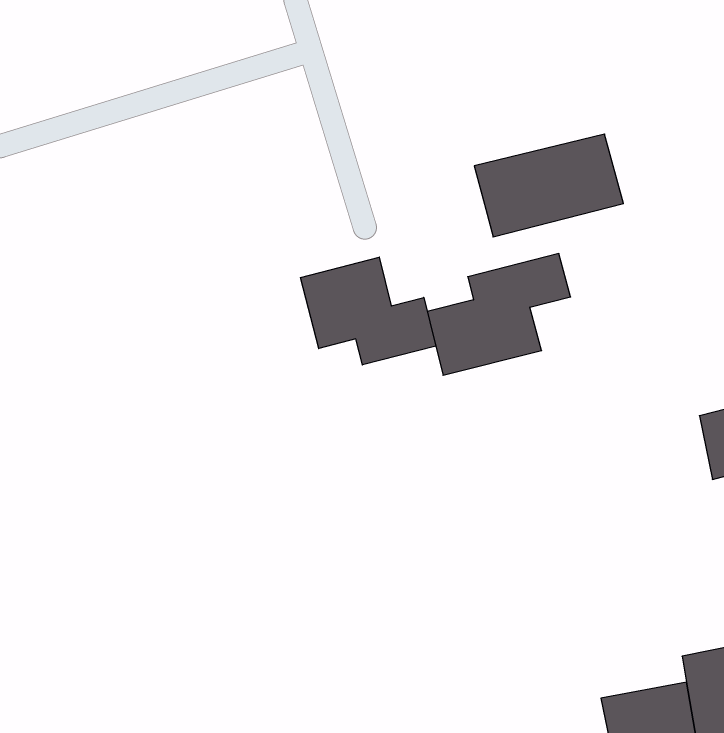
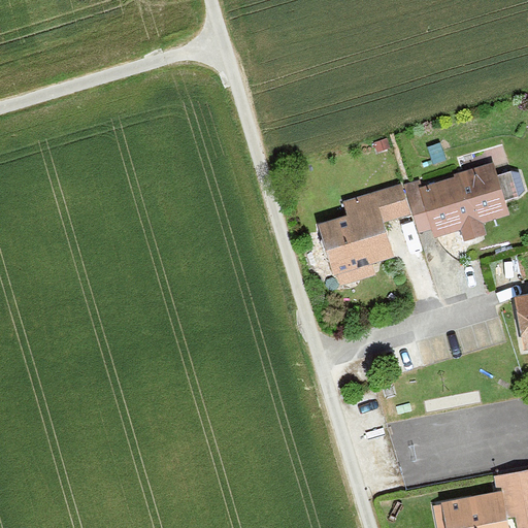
building: [474,134,623,237] -> [409,163,516,236]
building: [300,257,436,365] -> none

